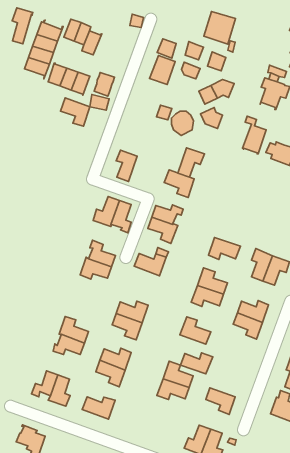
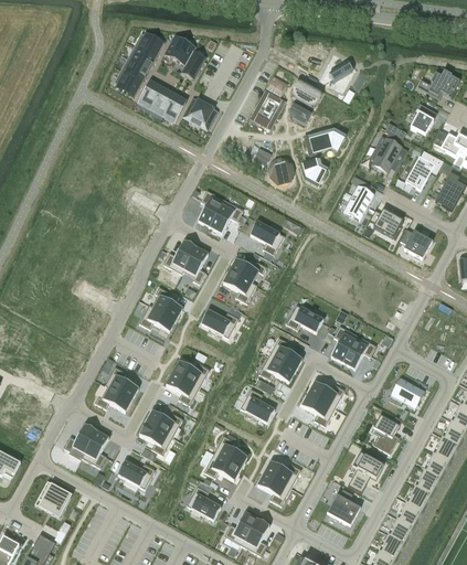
building: [12,8,33,44] -> none
building: [61,98,90,126] -> none
building: [178,148,204,177] -> [210,200,243,233]
building: [181,353,213,374] -> [264,460,301,487]
building: none -> [187,486,221,520]

